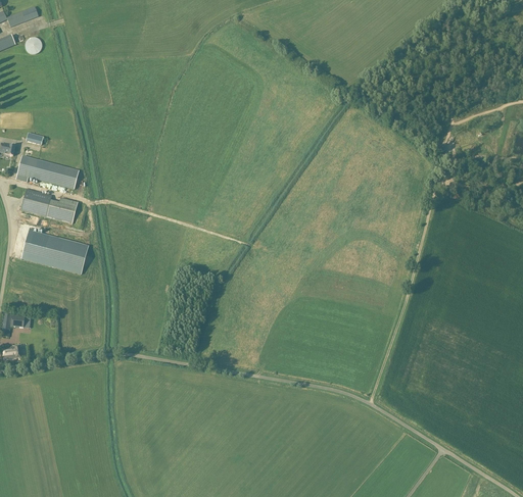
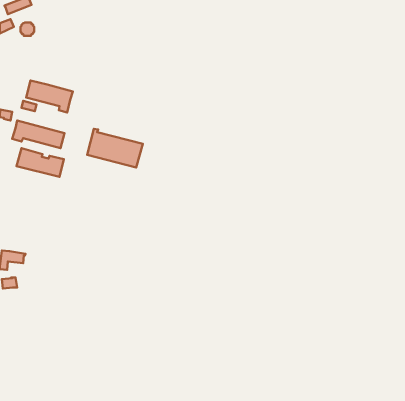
building: none -> [26,80,73,112]
building: [21,227,89,274] -> [87,129,143,168]

